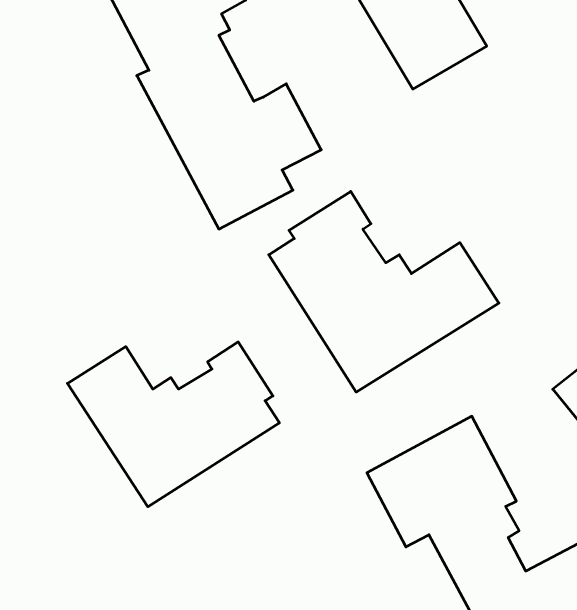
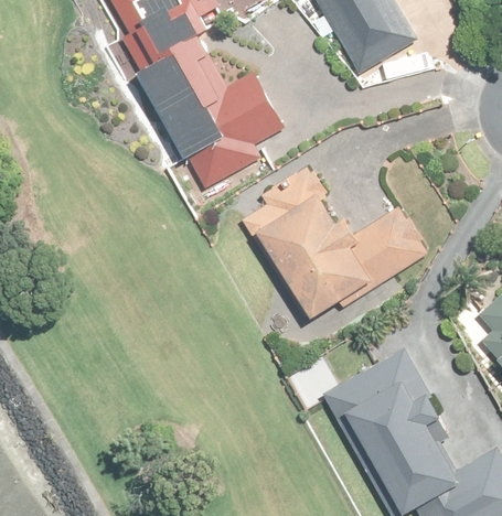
building: [67,342,279,507] -> none

